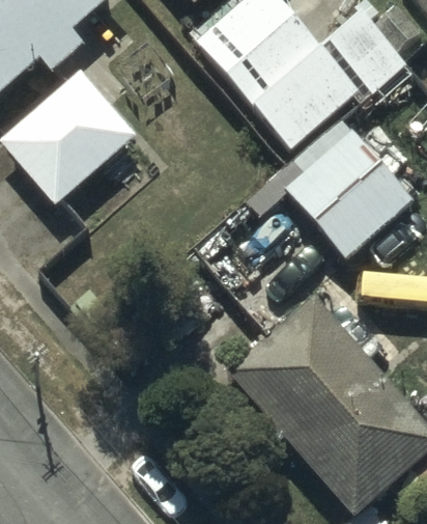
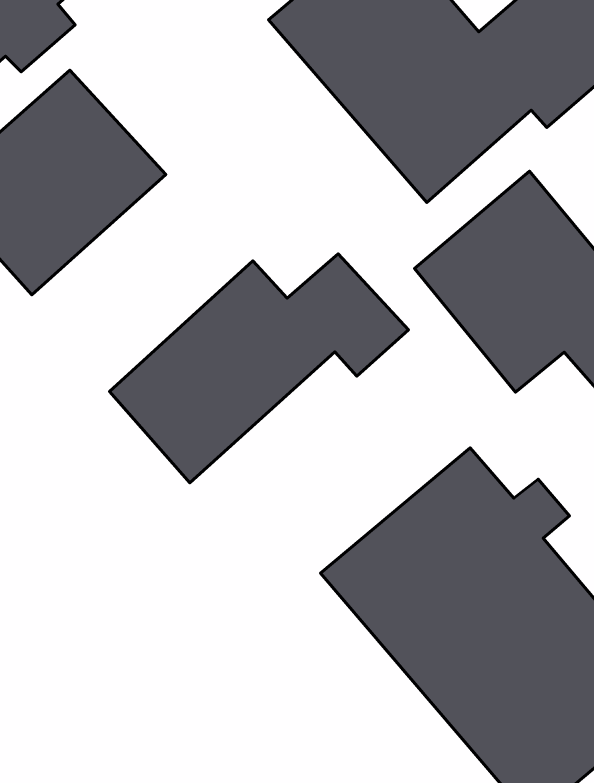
building: none -> [109,254,408,483]

